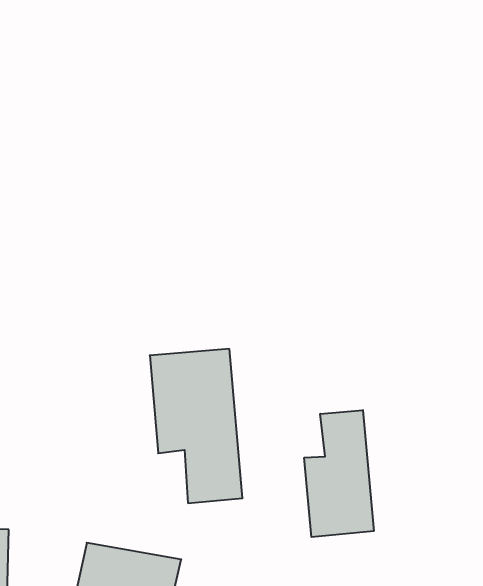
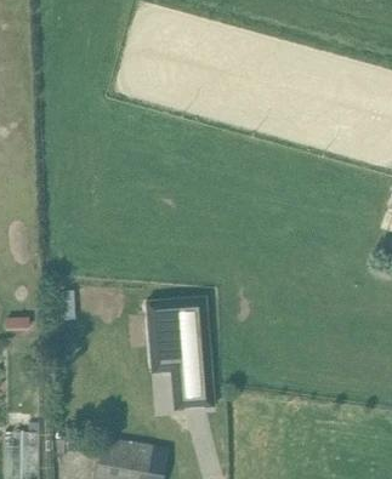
building: [304,410,374,537] -> none

